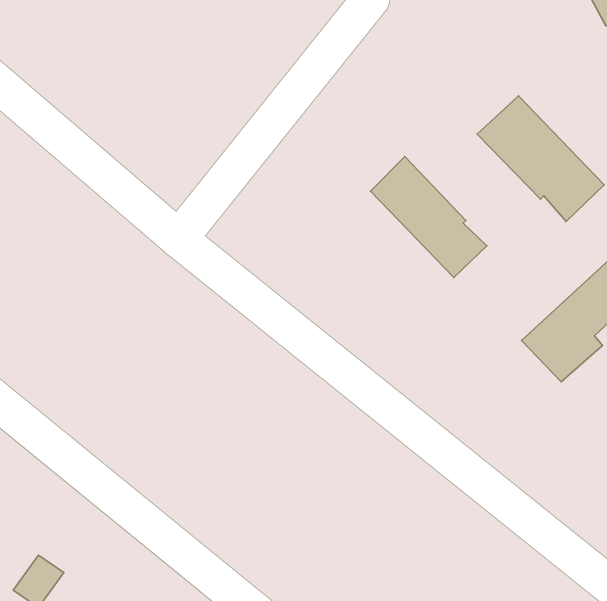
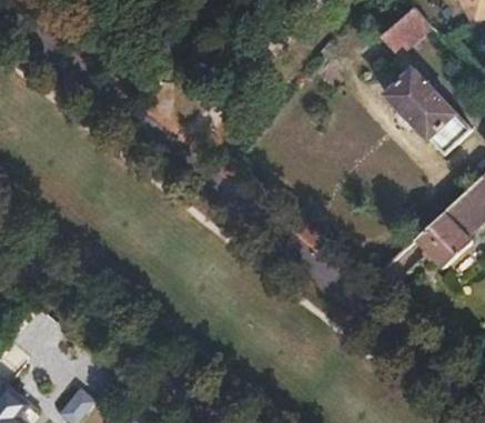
building: none -> [383,9,430,53]
building: [371,156,487,278] -> none

